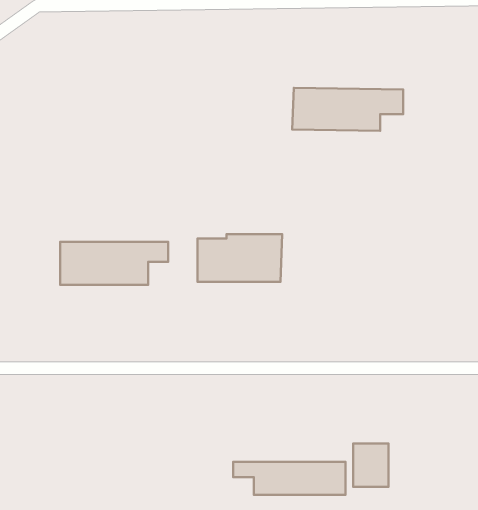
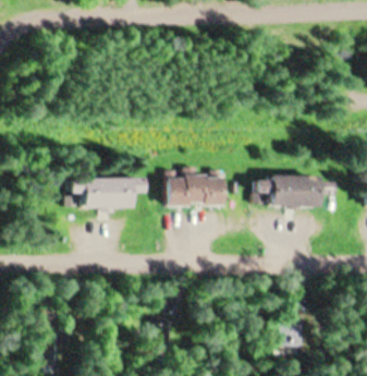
building: [292,88,403,131] -> [255,177,333,207]
building: [233,462,345,495] -> none

